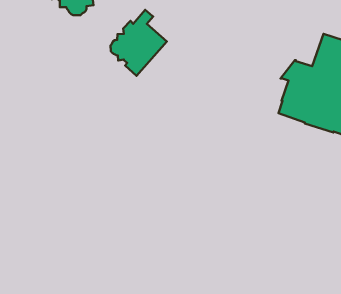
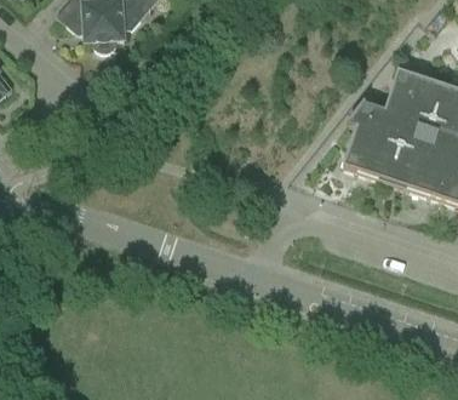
building: [110,10,167,76] -> none

